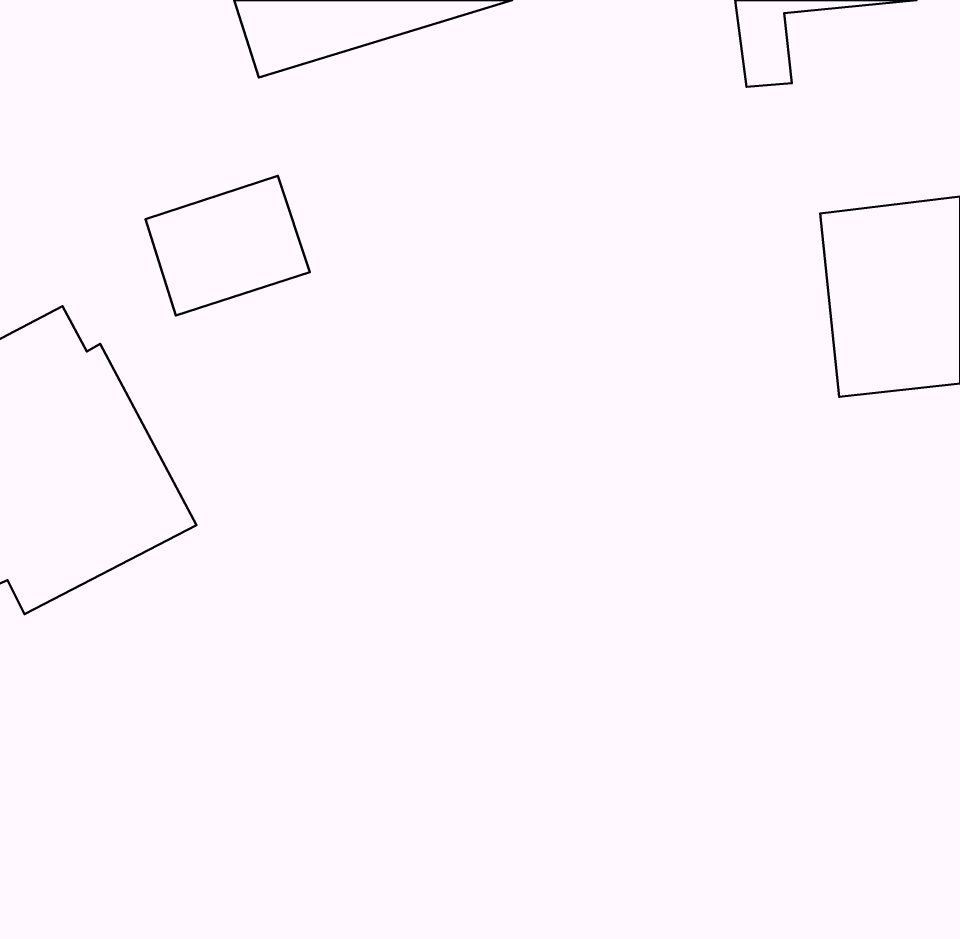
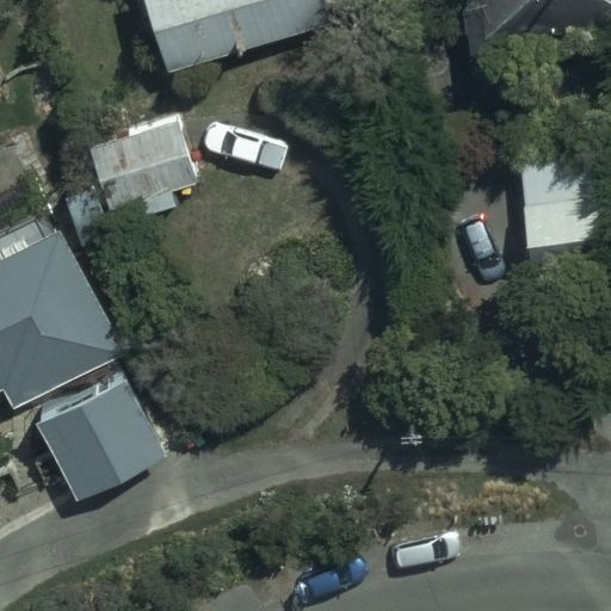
building: none -> [41,377,162,496]

